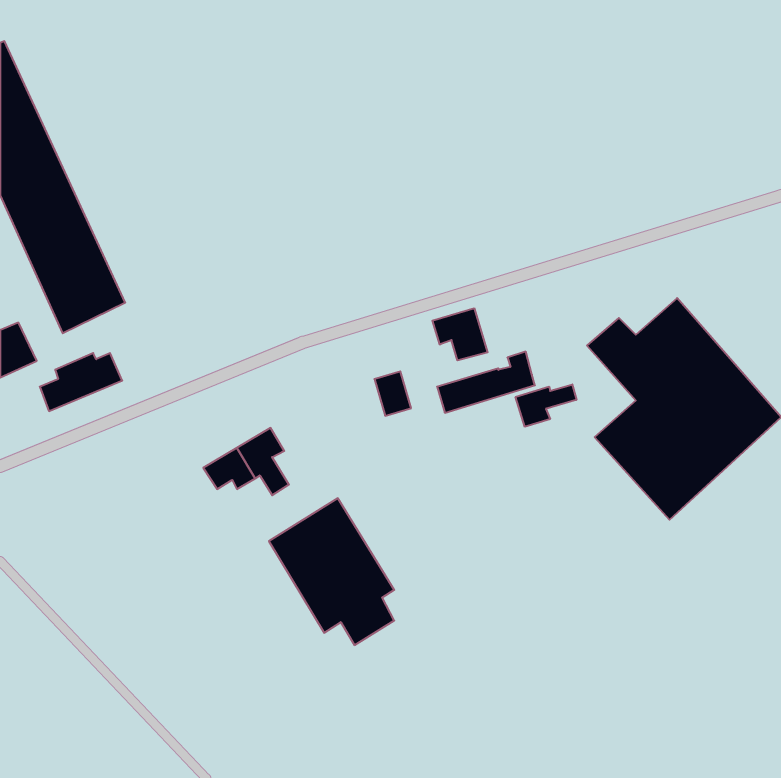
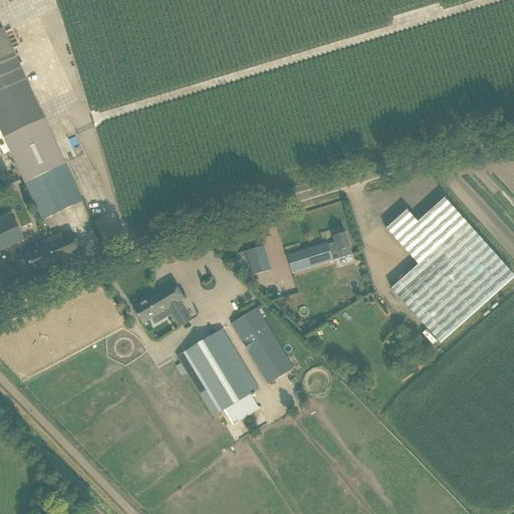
building: [432,308,488,360] -> none
building: [516,384,576,427] -> none
building: none -> [231,306,293,383]

